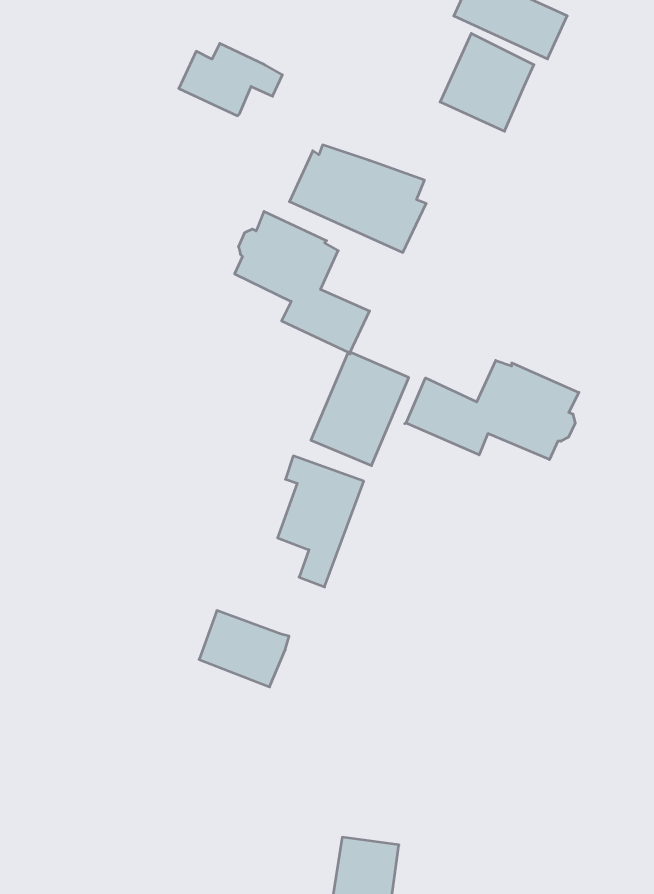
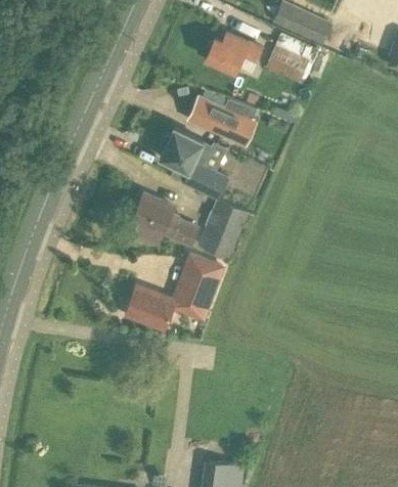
building: [179,43,282,116] -> [206,34,260,72]
building: none -> [130,194,197,245]
building: [405,360,579,460] -> none
building: [199,611,289,687] -> [128,289,175,328]

